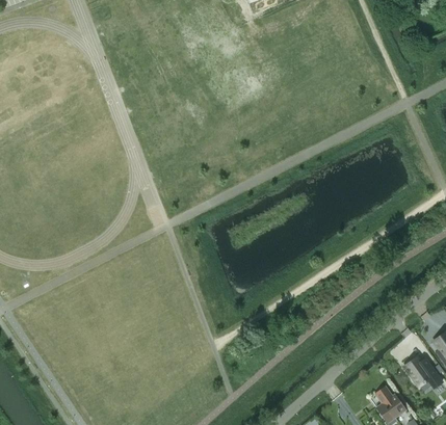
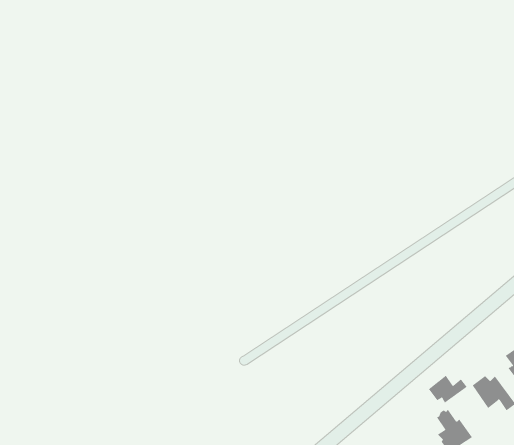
building: none -> [428,375,467,404]

